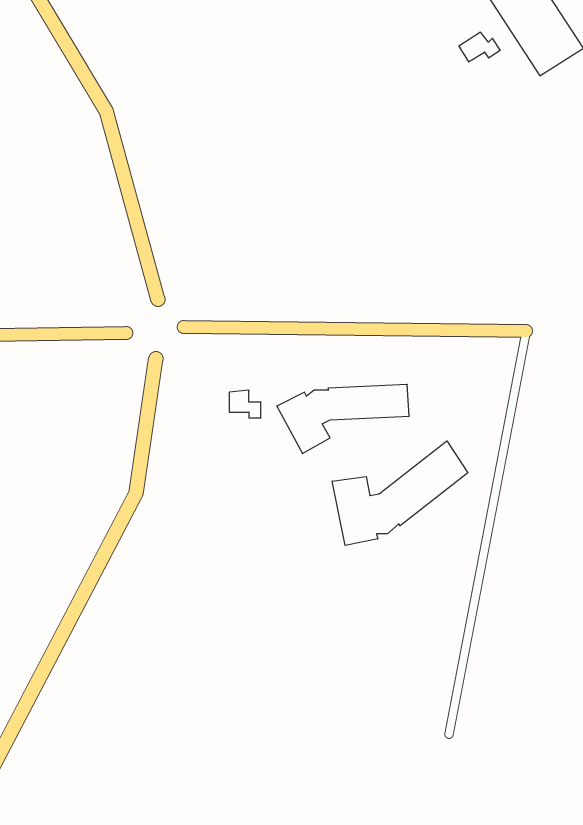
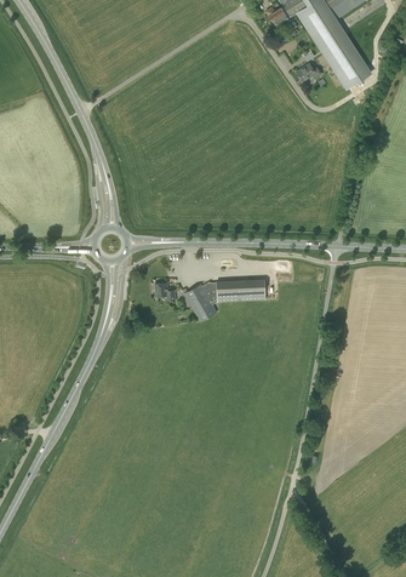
building: [332,441,468,545] -> none

